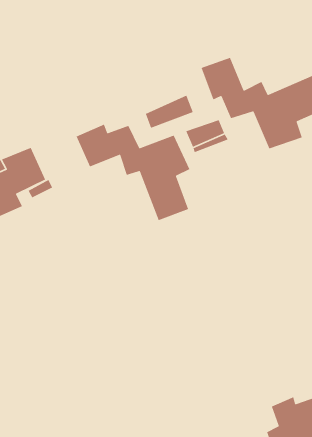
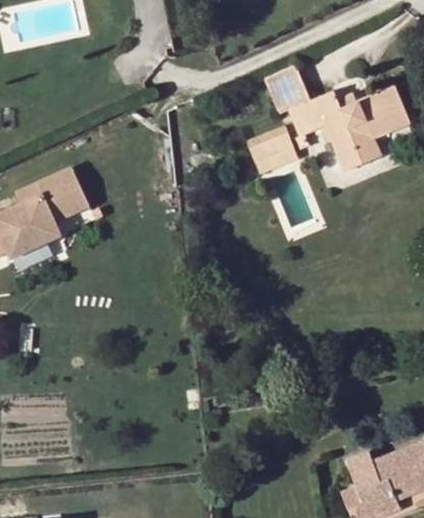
building: [145,94,194,129] -> none
building: [75,124,190,221] -> none

